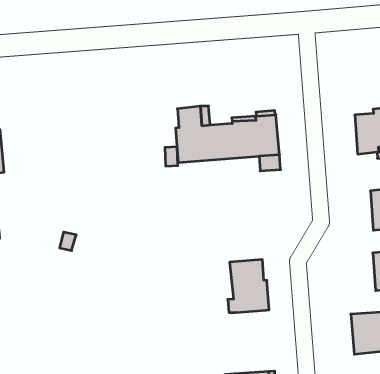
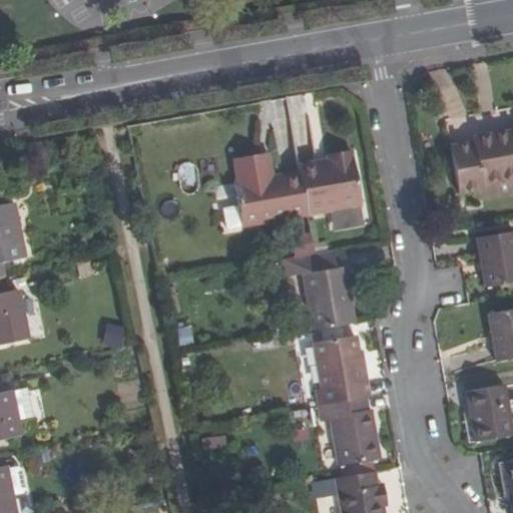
building: none -> [302,248,355,330]
building: none -> [328,397,379,469]

